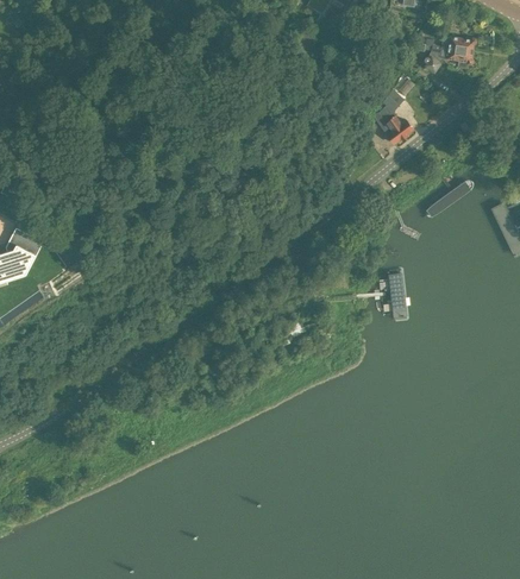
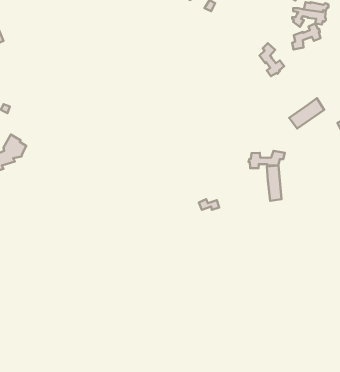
building: none -> [292,24,321,49]
building: none -> [248,151,285,168]

